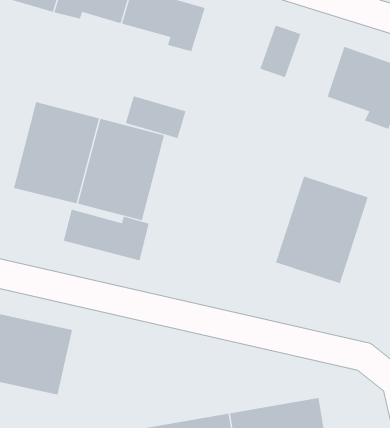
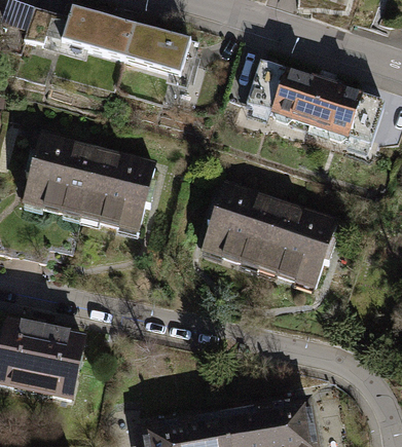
building: none -> [270,64,325,123]
building: [125,95,186,139] -> none
building: none -> [203,176,288,274]
building: [63,209,149,261] -> none

